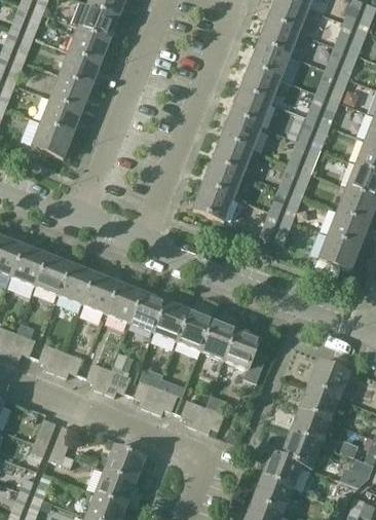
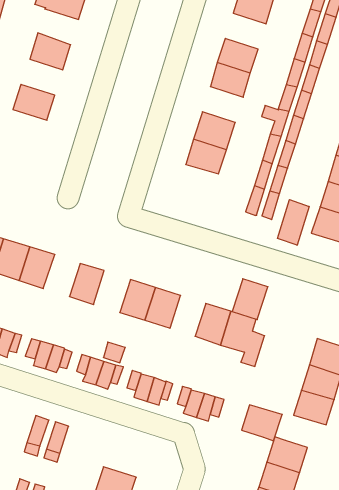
building: [70,27,110,63] -> none
building: [250,43,290,79] -> none
building: [50,74,91,110] -> none
building: [223,112,263,148] -> none
building: [32,121,73,158] -> none
building: [194,185,234,222] -> none
building: none -> [278,200,309,245]
building: [59,263,96,304] -> none
building: [106,282,143,323] -> none
building: [178,310,214,350] -> [232,279,268,320]
building: [281,433,322,469] -> [242,405,282,441]
building: [105,445,145,482] -> none

